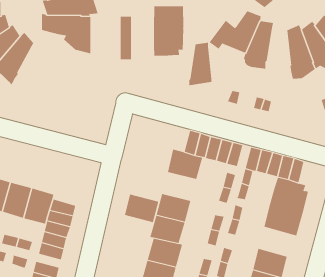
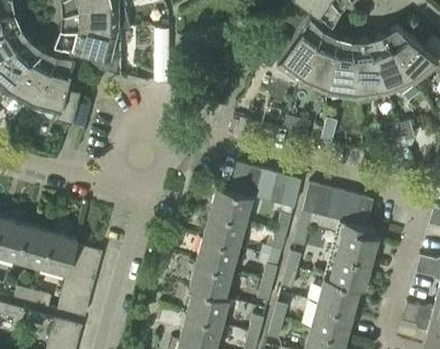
building: [153,6,184,57] -> none
building: none -> [31,54,91,130]
building: [188,42,213,86] -> [328,40,357,91]
building: [124,194,159,223] -> [204,213,246,247]
building: none -> [318,278,360,313]

